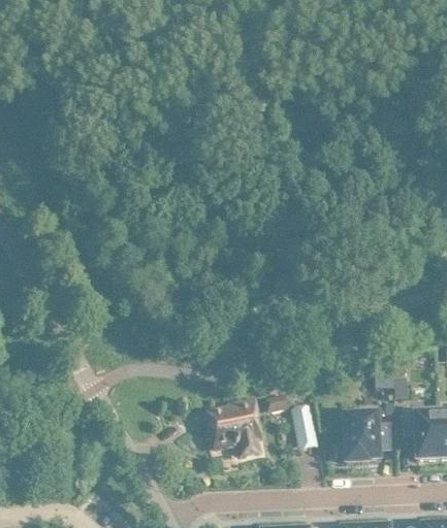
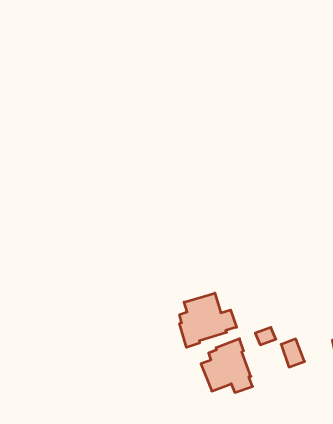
building: none -> [180,293,237,347]

